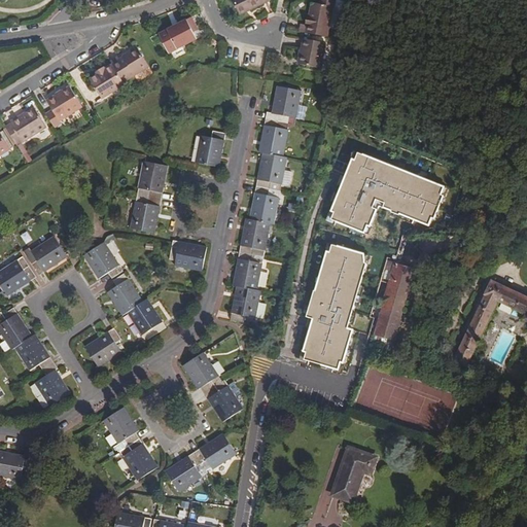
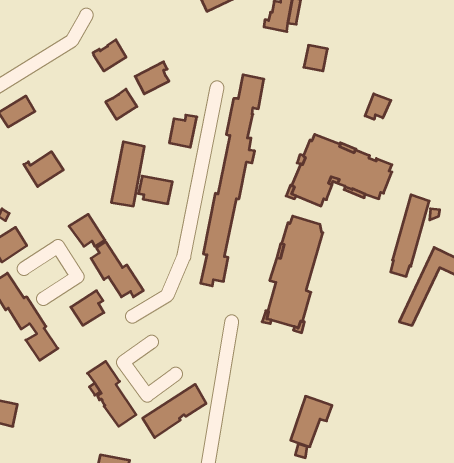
building: [157,16,196,52] -> [135,62,169,94]
building: [297,38,324,67] -> [304,45,328,71]
building: [87,63,122,97] -> [106,89,137,119]
building: [44,86,80,127] -> none
building: none -> [365,94,391,119]
building: [23,235,67,274] -> [24,152,63,187]
building: [169,239,207,270] -> [138,176,172,204]
building: [372,260,415,352] -> [391,195,429,276]
building: [182,351,243,420] -> none

